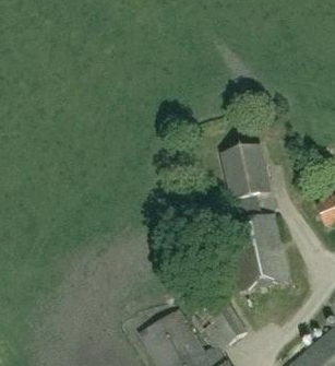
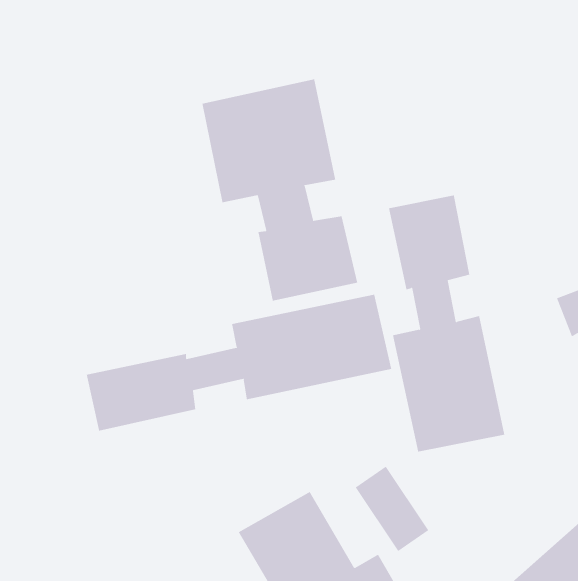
building: none -> [202,78,358,302]
building: none -> [86,294,392,432]

